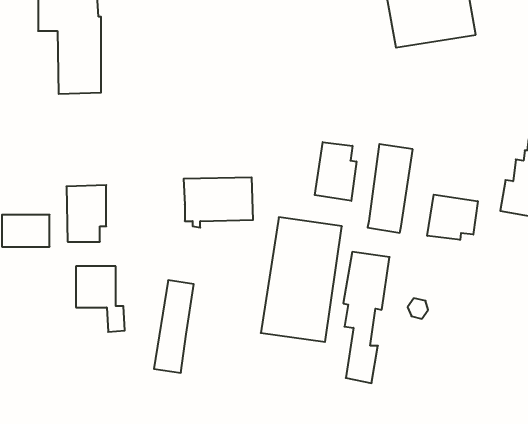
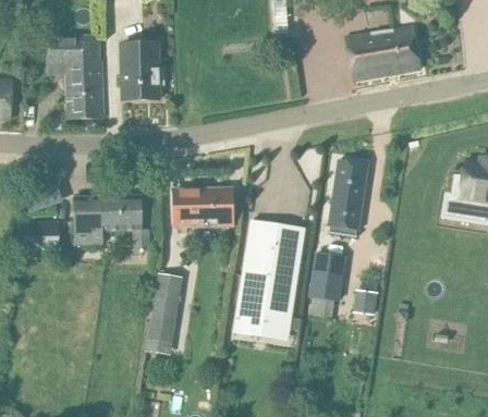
building: none -> [121,42,163,99]
building: [315,142,356,201] -> none
building: [427,195,478,240] -> none
building: [76,266,125,332] -> [107,195,148,250]

